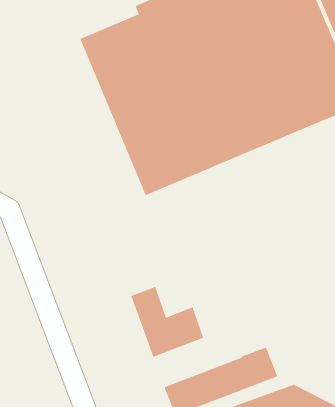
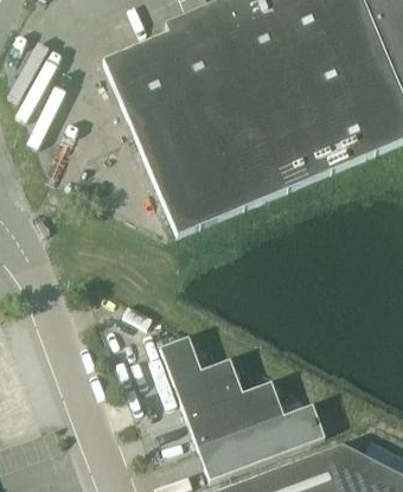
building: none -> [185,381,283,448]

